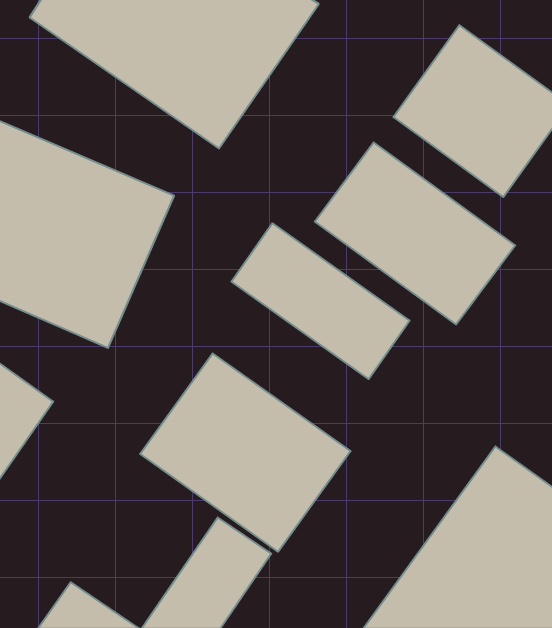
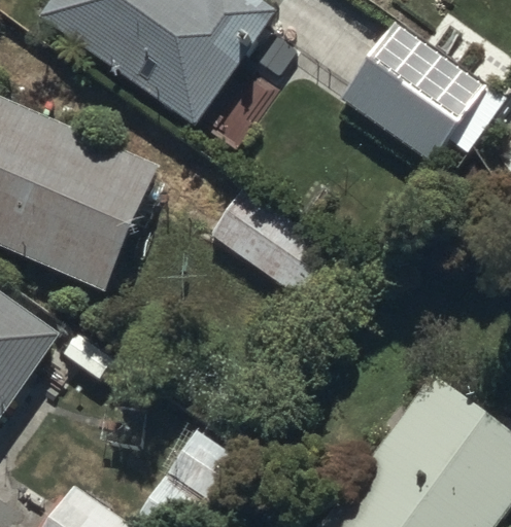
building: [315,142,515,324] -> none
building: [140,353,351,552] -> none

